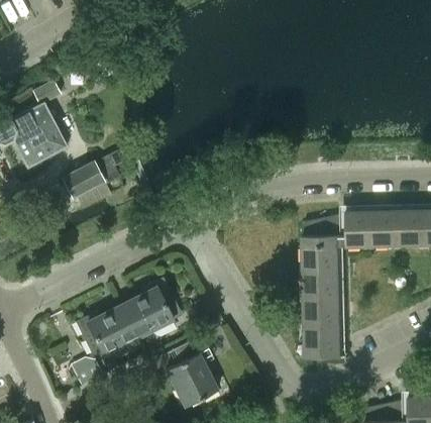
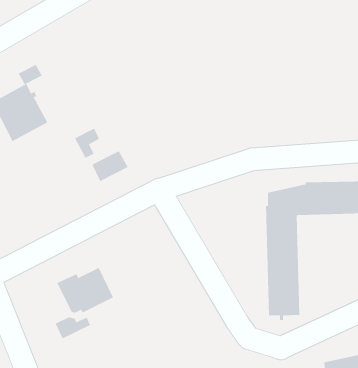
building: [64,164,104,198] -> [92,151,128,182]
building: [121,277,180,337] -> none
building: [165,331,220,407] -> none

